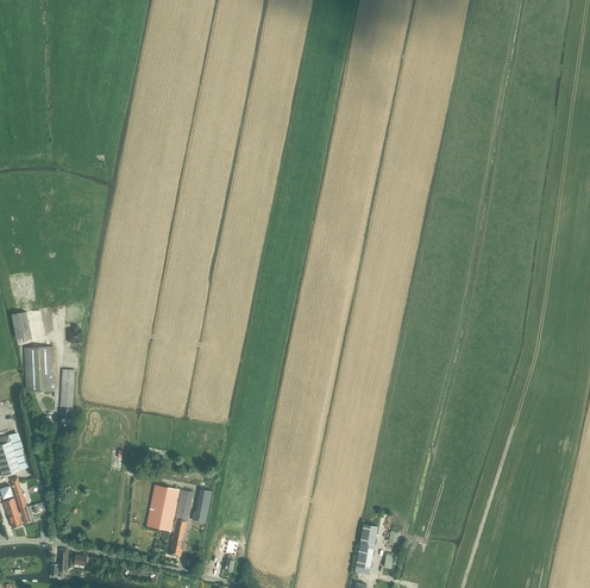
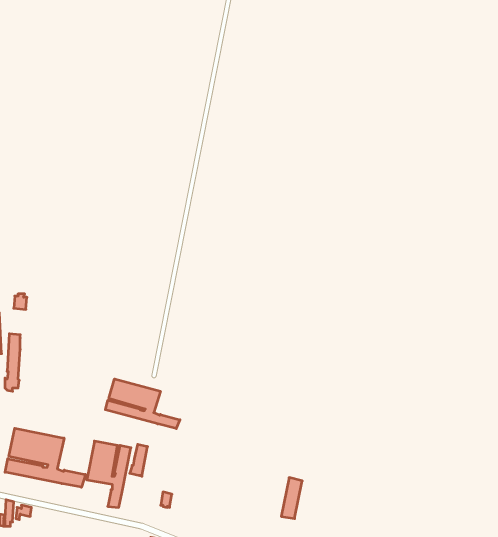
building: none -> [105,379,180,429]
building: none -> [5,428,85,487]

